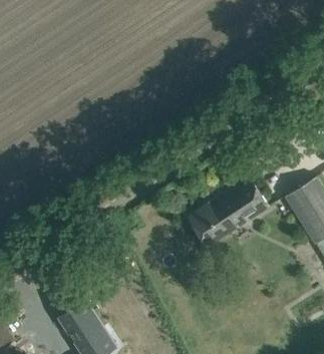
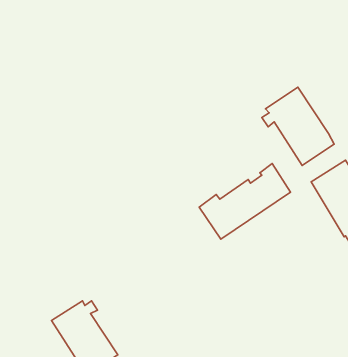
building: none -> [262,87,334,166]

